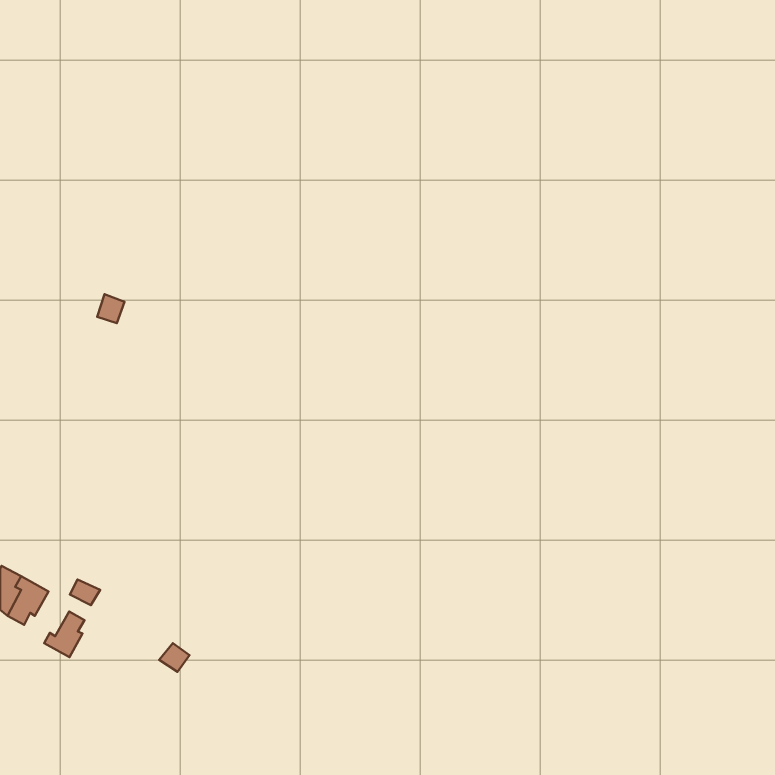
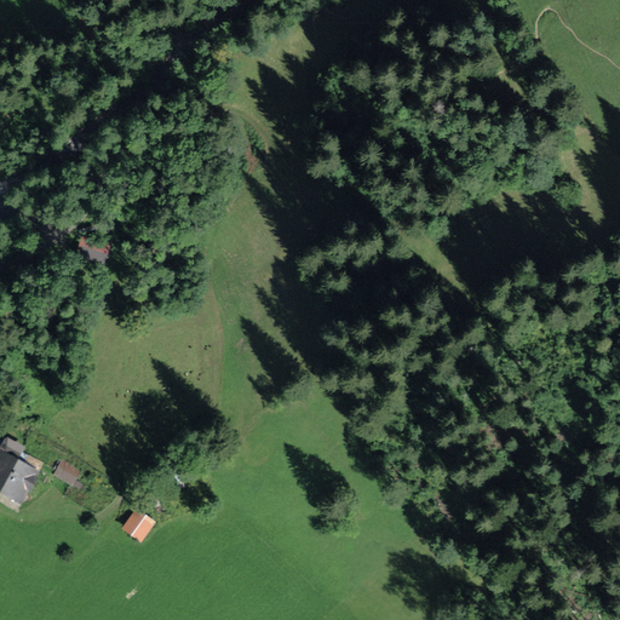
building: [44,612,85,657] -> none

